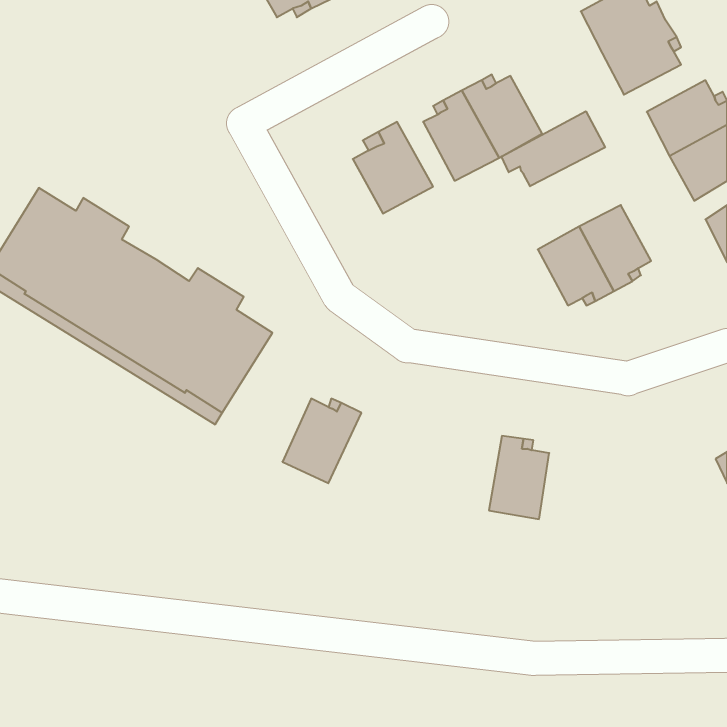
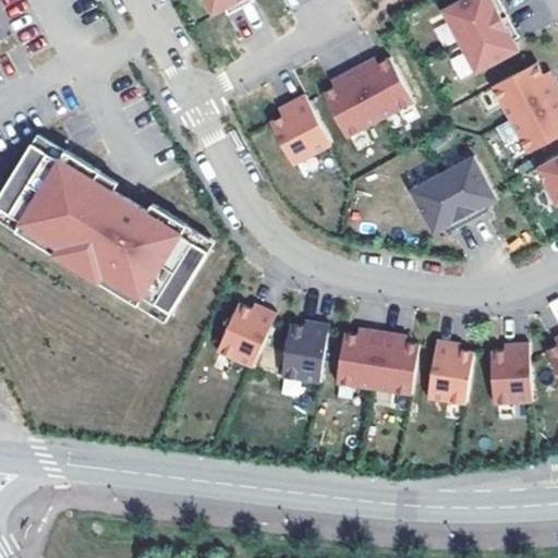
building: [501,111,605,186] -> none
building: none -> [280,320,327,381]
building: none -> [335,328,381,388]
building: none -> [426,340,473,404]
building: none -> [489,343,531,404]

